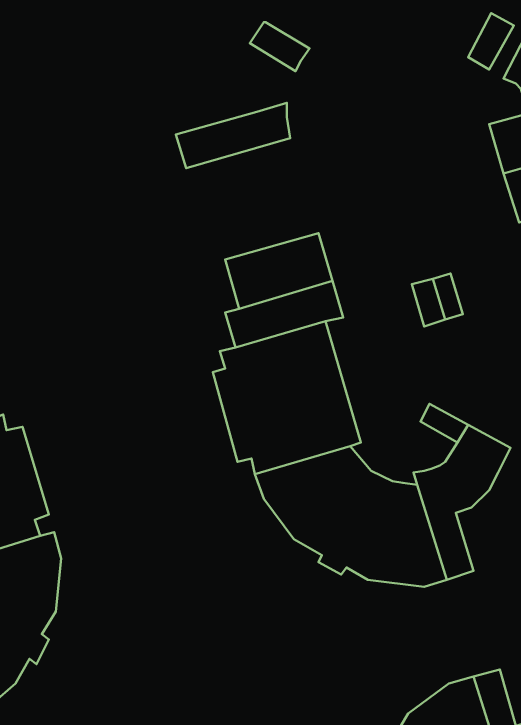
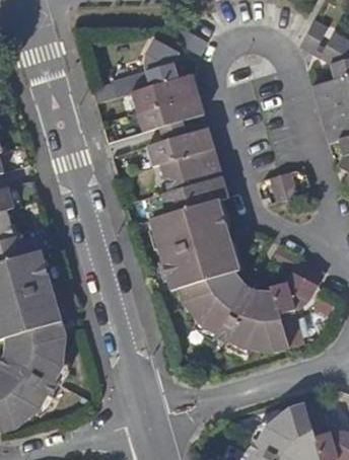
building: none -> [114,37,180,95]
building: none -> [138,93,204,131]
building: none -> [147,127,214,165]

